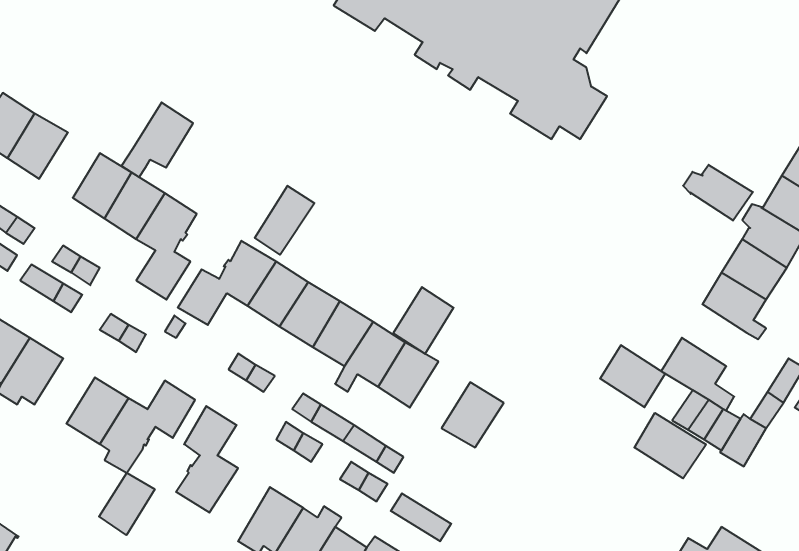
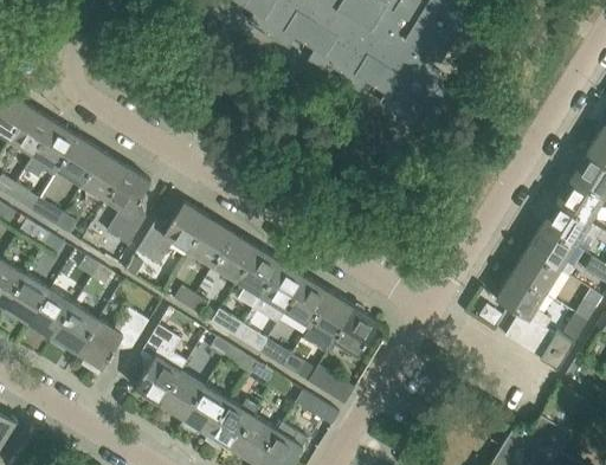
building: [122,102,193,177] -> [25,121,78,176]
building: [683,165,753,221] -> none
building: [255,186,314,255] -> none
building: [393,287,454,354] -> [309,291,354,341]
building: [600,345,665,407] -> [511,248,560,295]
building: none -> [30,289,75,337]
building: [634,413,706,478] -> none
building: none -> [308,364,355,403]
building: none -> [160,370,205,419]
building: [99,473,155,535] -> none

